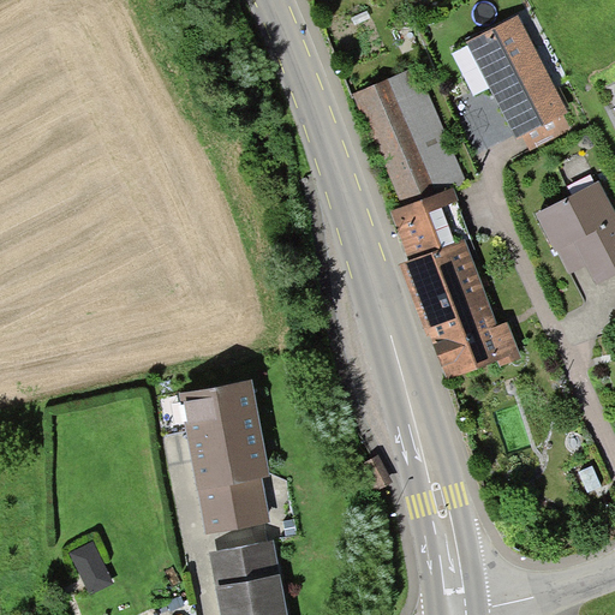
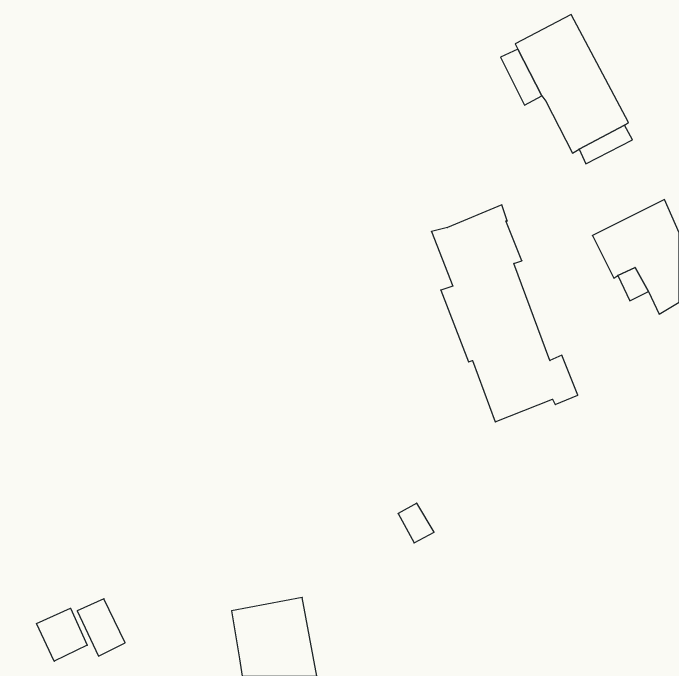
building: [354,66,465,205] -> none
building: [179,381,270,533] -> none
building: none -> [36,608,87,661]

